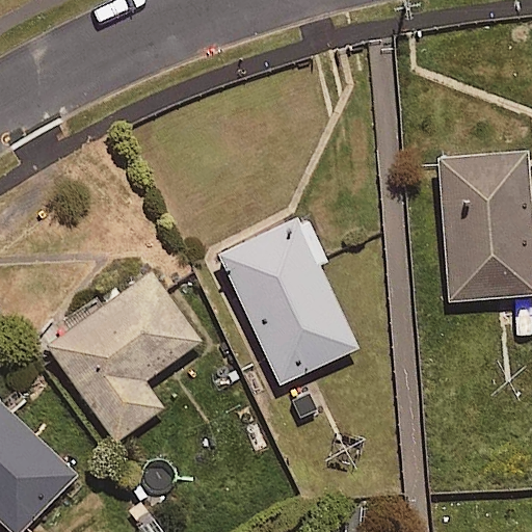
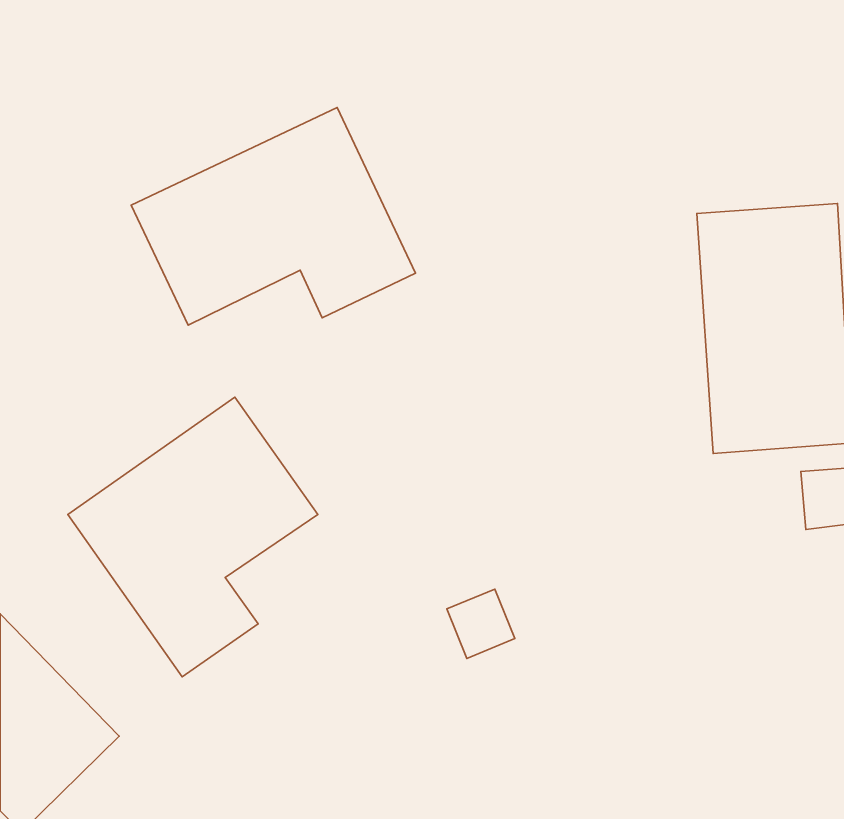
building: none -> [131,108,415,325]
building: [217,214,356,383] -> none

